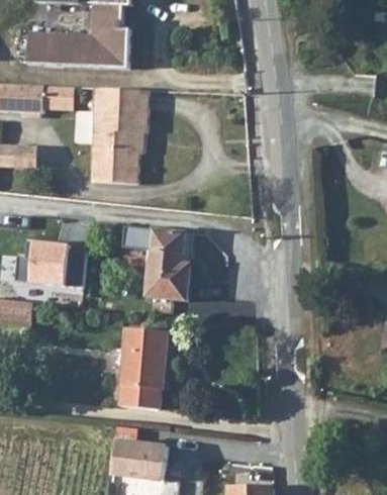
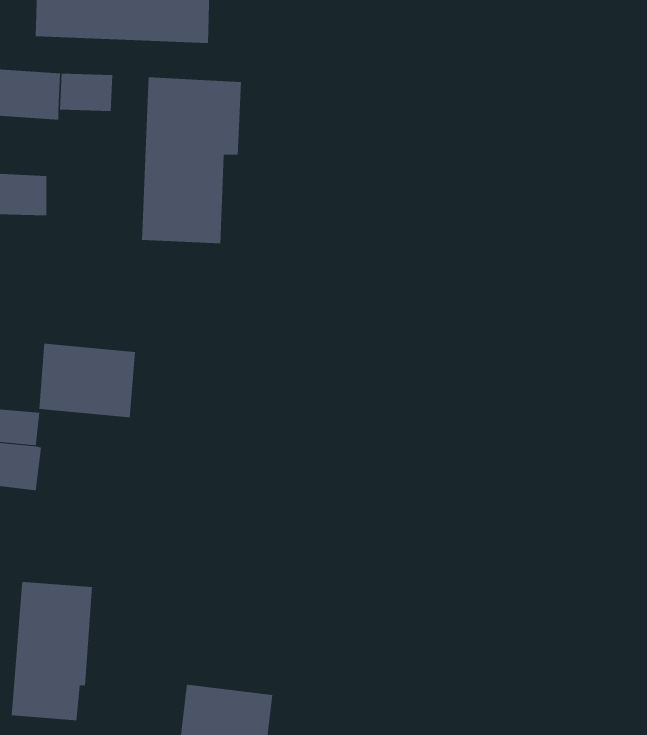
building: [144,228,188,300] -> none
building: [119,328,167,409] -> [11,582,93,721]

